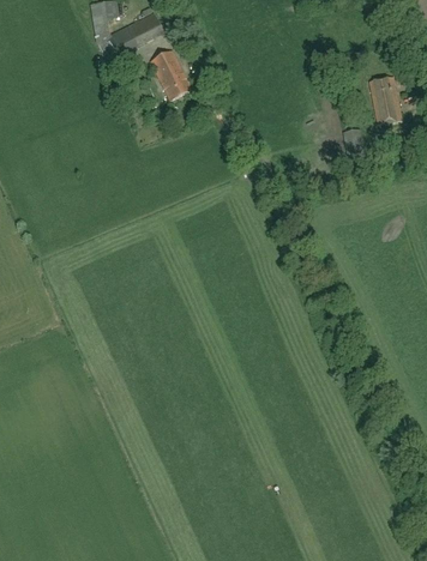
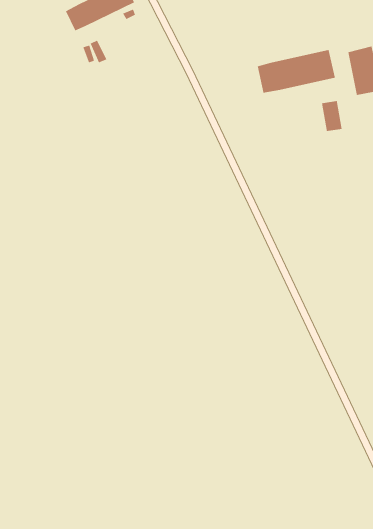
building: [151,49,192,98] -> none
building: none -> [257,49,336,93]

